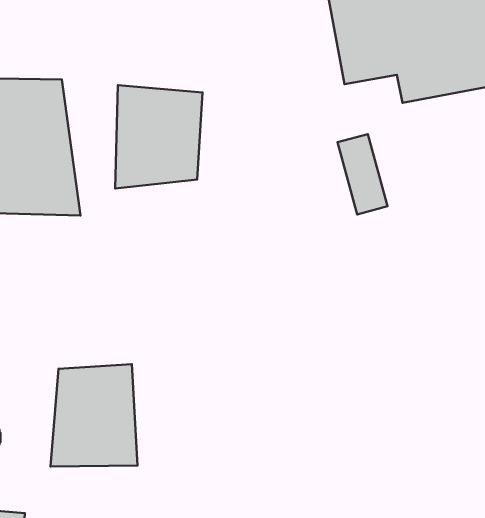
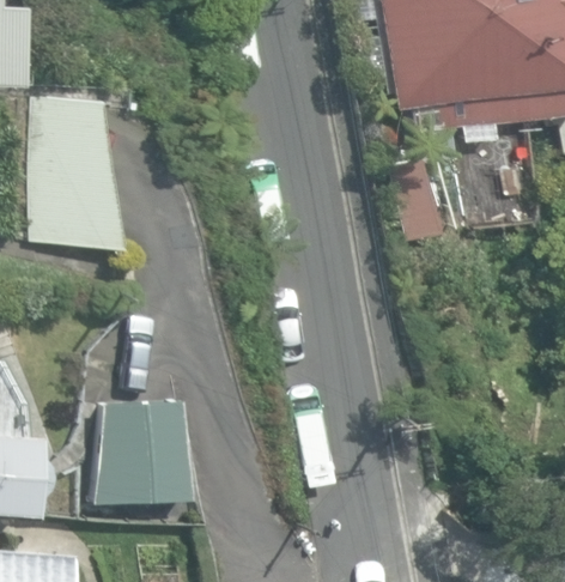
building: [115,85,203,188] -> none

